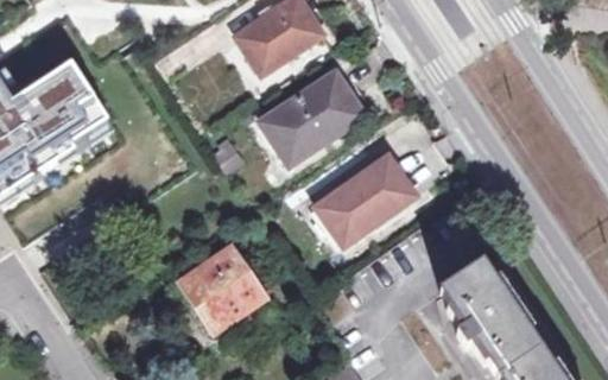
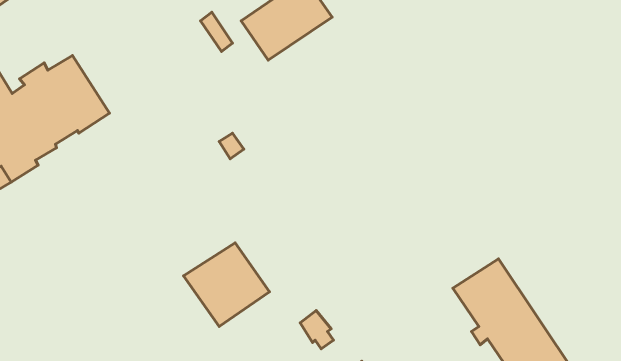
building: [259,68,368,165] -> none
building: [316,156,416,246] -> none

